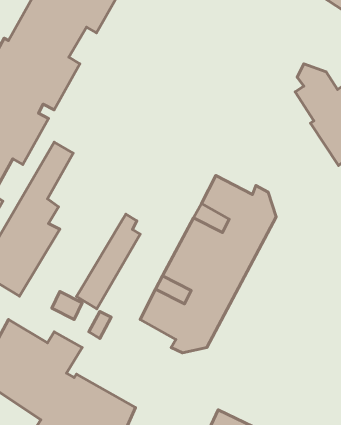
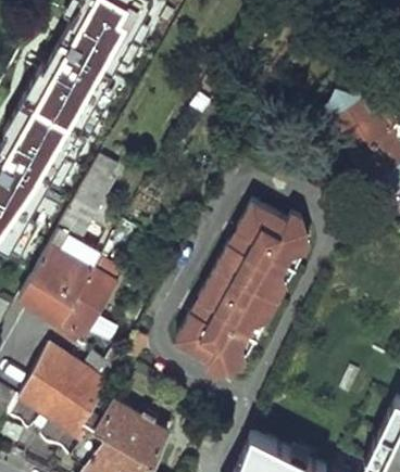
building: [77,214,140,309] -> [53,248,115,341]

